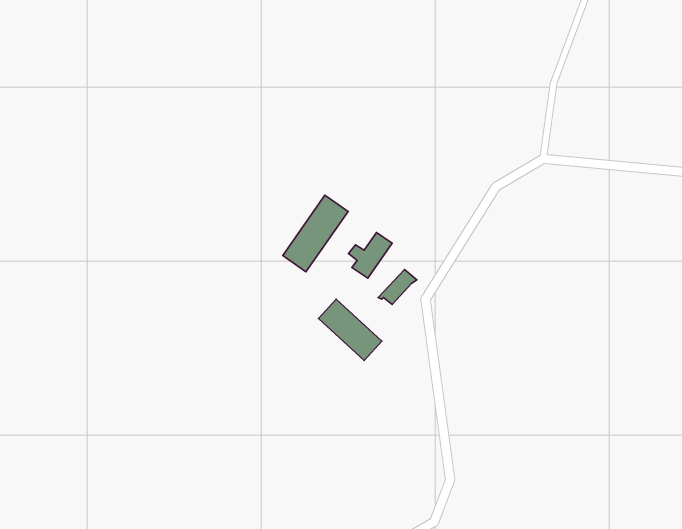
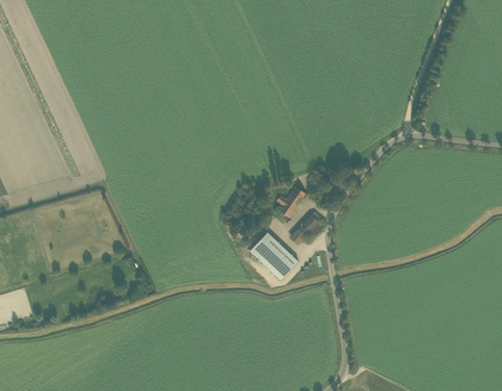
building: [283,195,348,272] -> none

